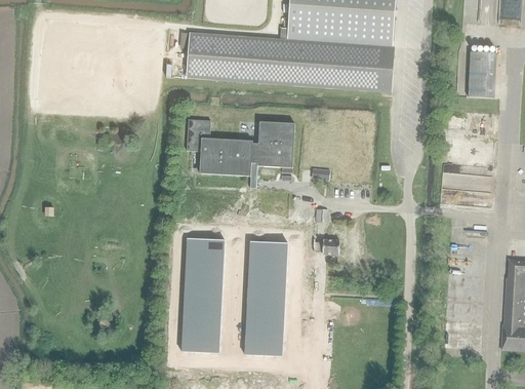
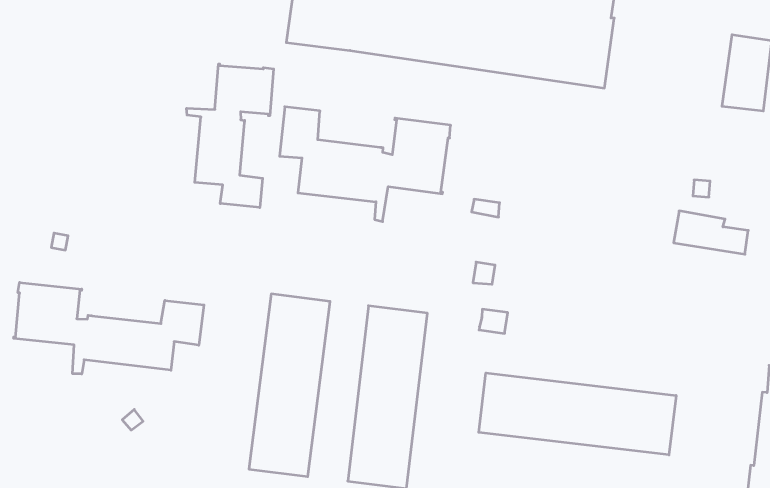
building: none -> [187,64,274,208]
building: none -> [14,282,204,374]
building: none -> [479,373,676,455]

